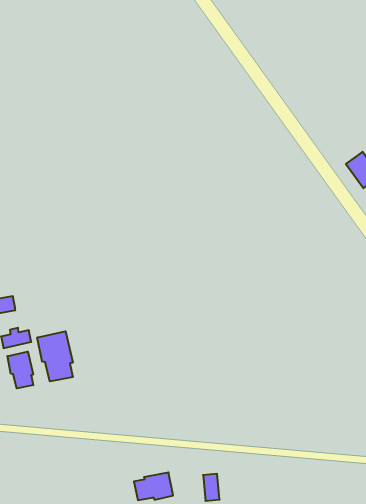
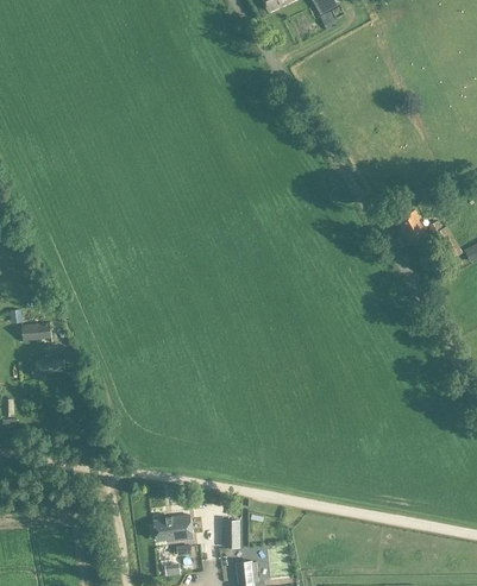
building: [37,331,73,381] -> none
building: [7,352,33,388] -> none

